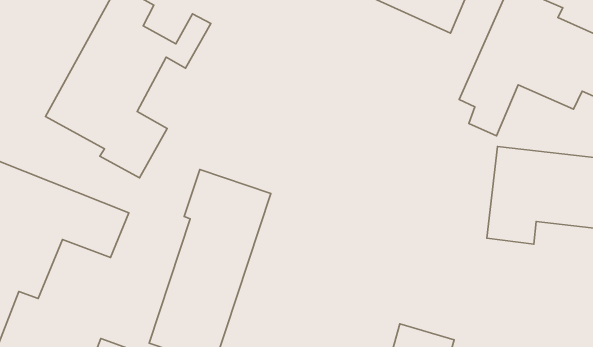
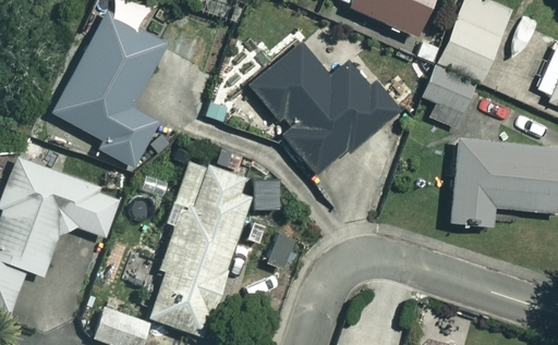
building: none -> [251,45,397,177]

